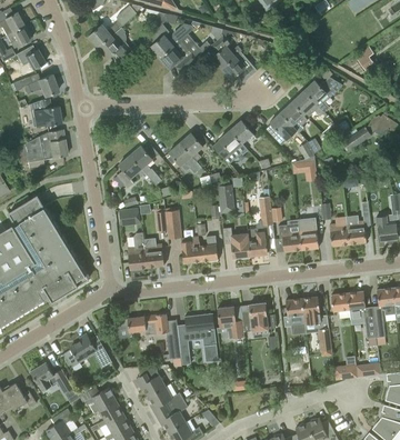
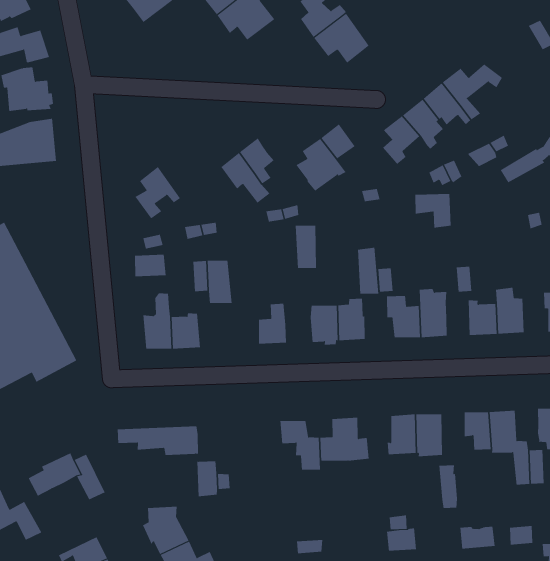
building: [130,144,161,184] -> none
building: [180,236,200,263] -> none
building: [184,313,218,361] -> none

